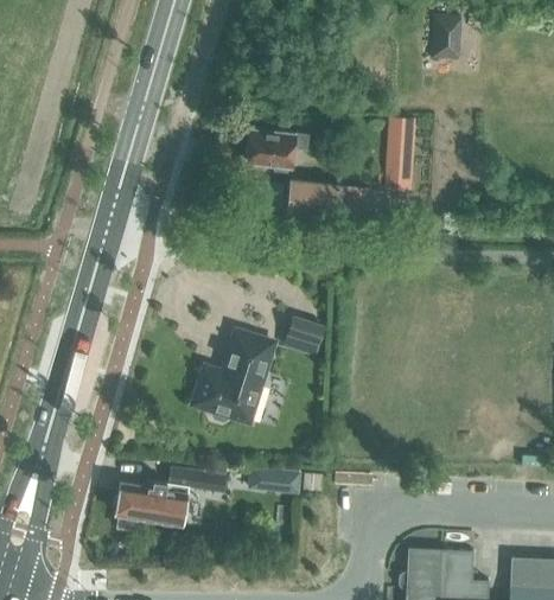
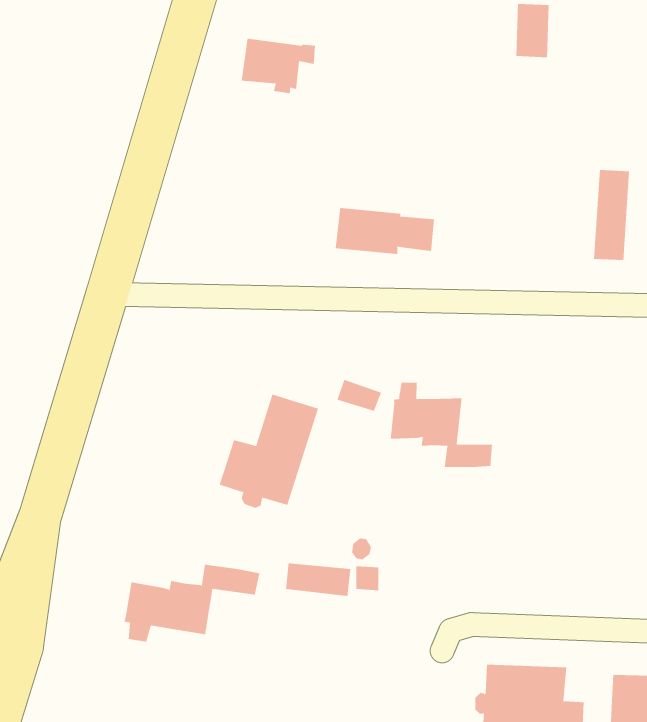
building: [386,119,415,192] -> [593,170,630,261]
building: [248,129,308,174] -> [241,38,316,94]
building: none -> [390,382,493,468]

